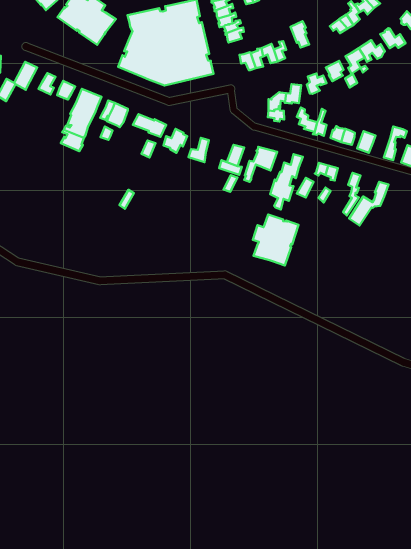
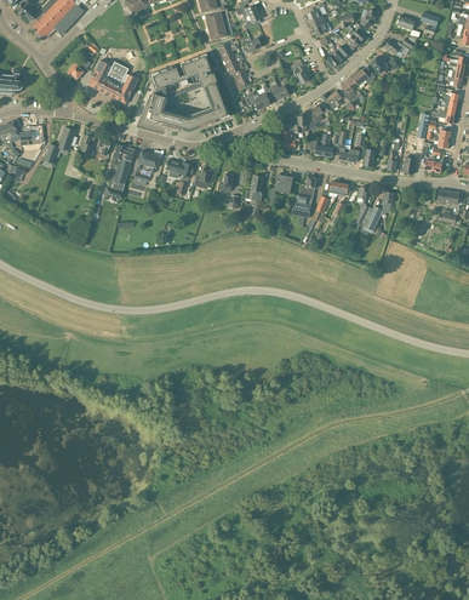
building: [253,214,298,265] -> none

